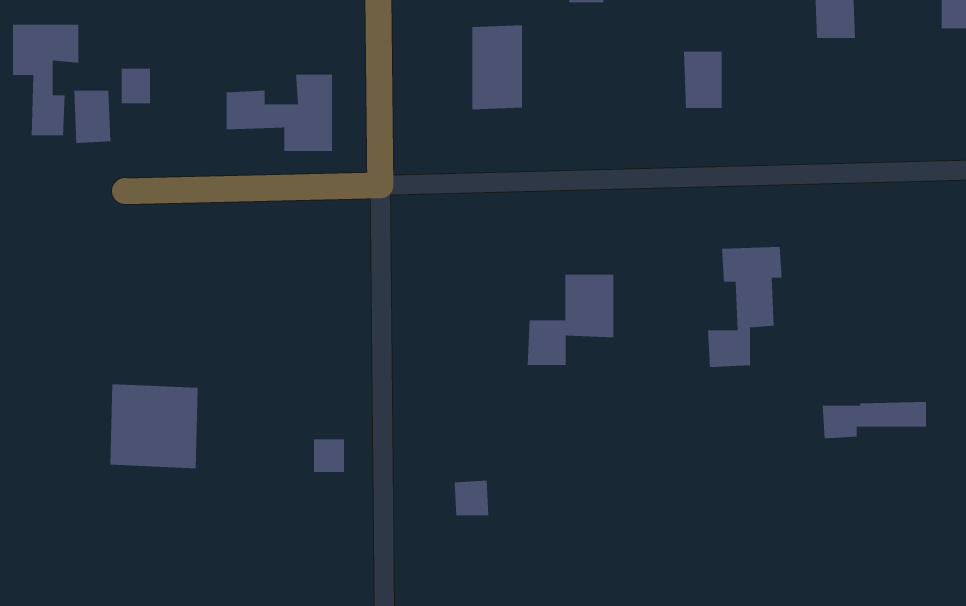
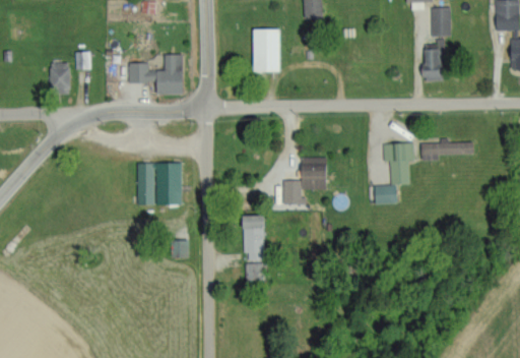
building: [12,24,79,136] -> none
building: [683,51,723,109] -> [421,49,442,78]
building: [109,384,199,469] -> [136,162,182,205]
building: none -> [244,216,265,261]
building: [822,401,927,439] -> [420,140,474,160]

